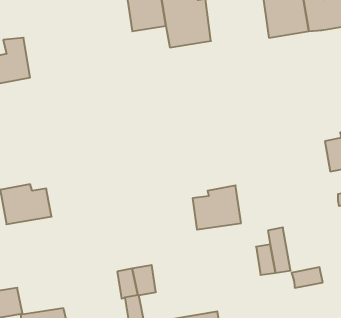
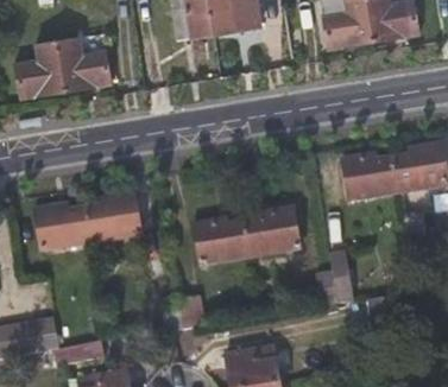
building: none -> [58,37,112,88]
building: none -> [342,154,397,199]
building: none -> [83,195,137,241]
building: none -> [191,218,250,264]

